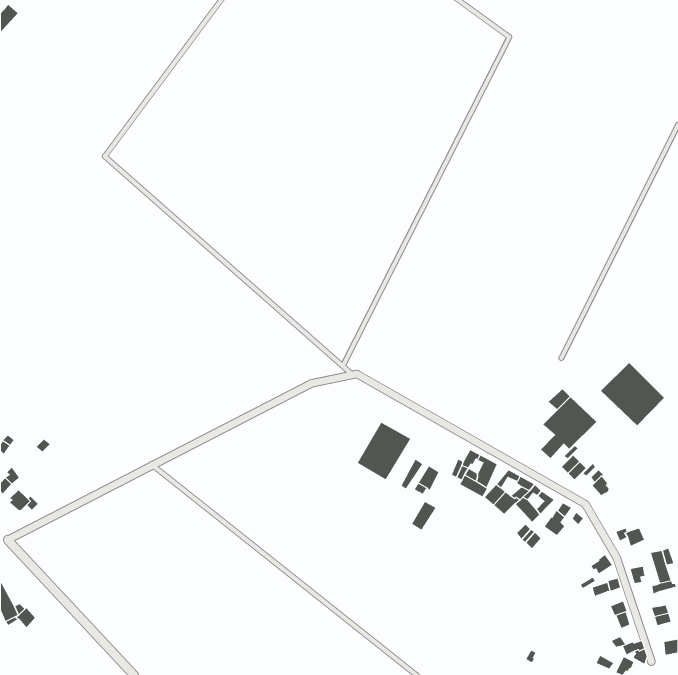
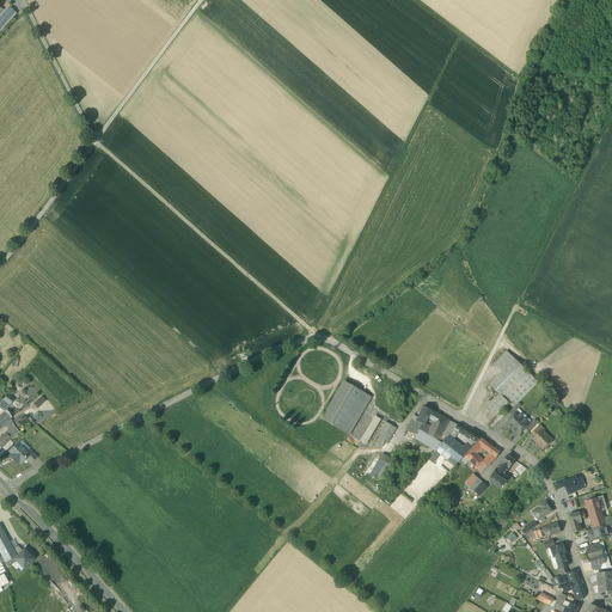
building: [600,362,665,426] -> none

